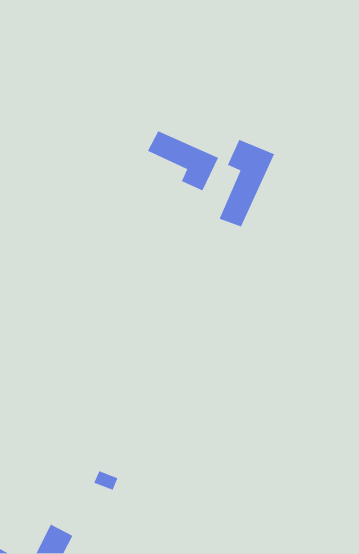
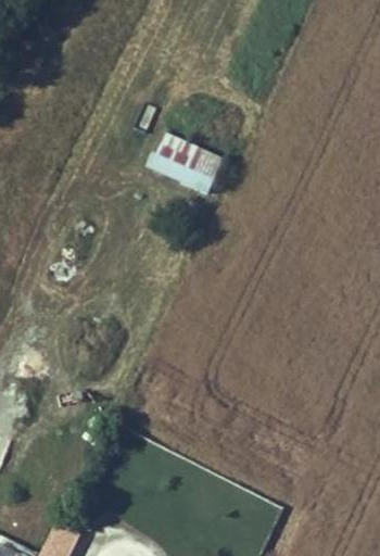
building: [219,139,275,228] -> none

